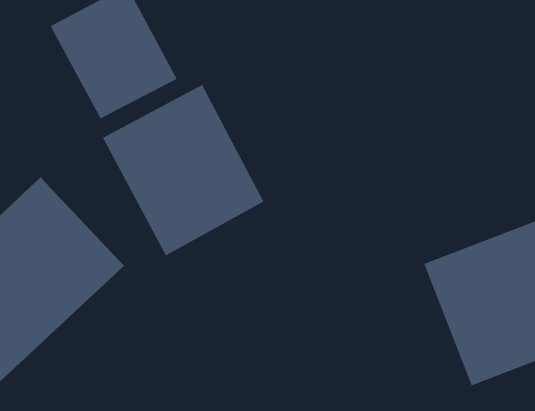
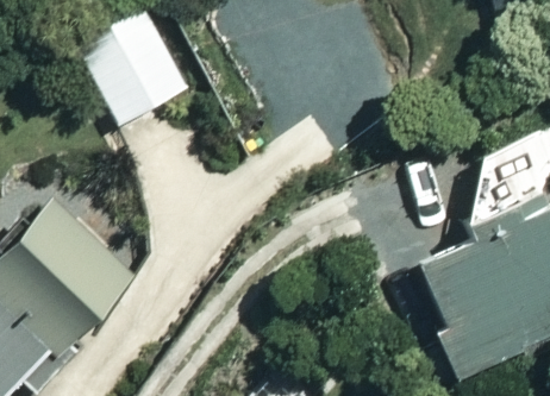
building: [102,84,265,257] -> none

